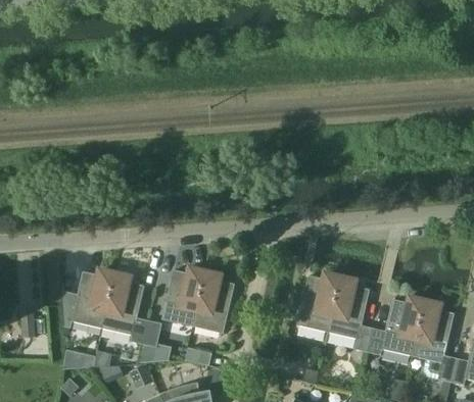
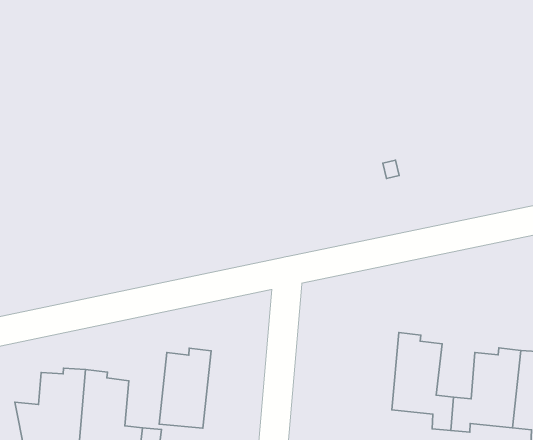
building: [192,271,235,333] -> none
building: [296,273,340,331] -> none

